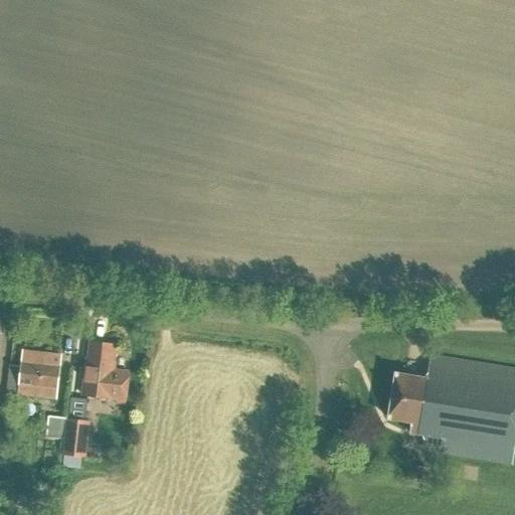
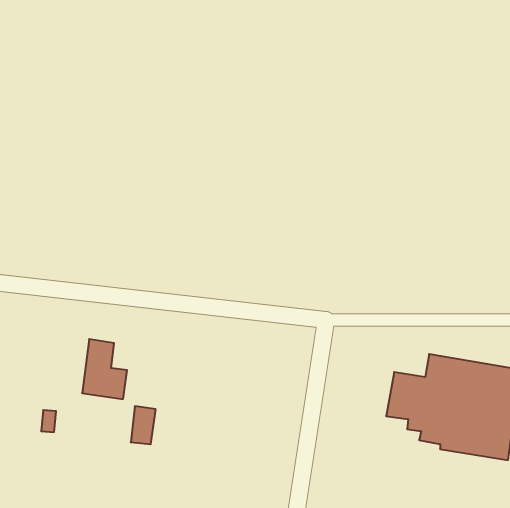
building: [6,349,61,397] -> none
building: [62,418,88,457] -> [131,406,156,444]

